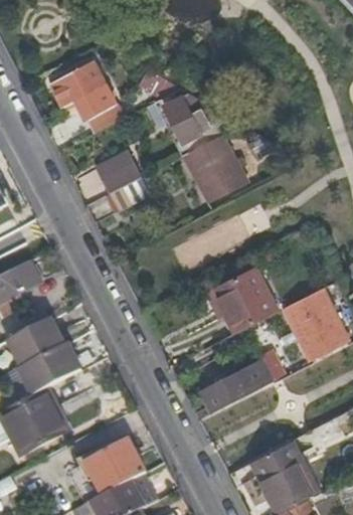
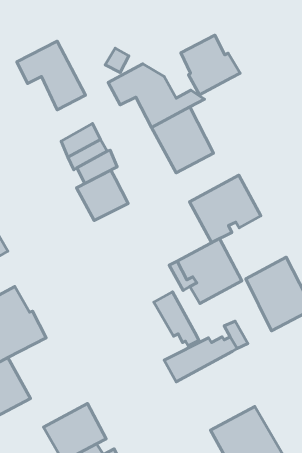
building: none -> [181,35,240,95]
building: none -> [76,170,128,221]
building: none -> [189,175,261,242]
building: none -> [154,292,199,346]

